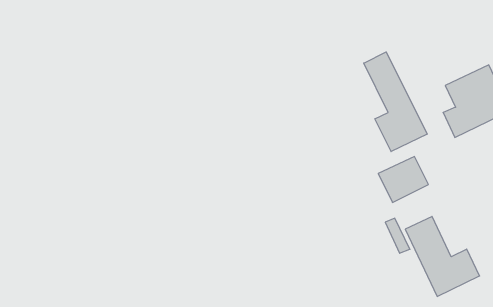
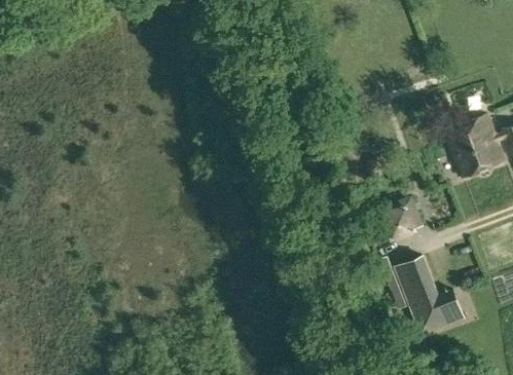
building: [364,52,427,152] -> none

